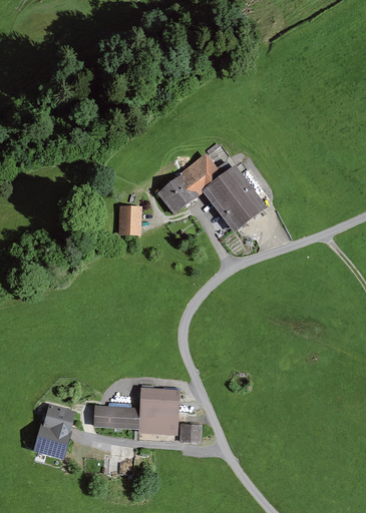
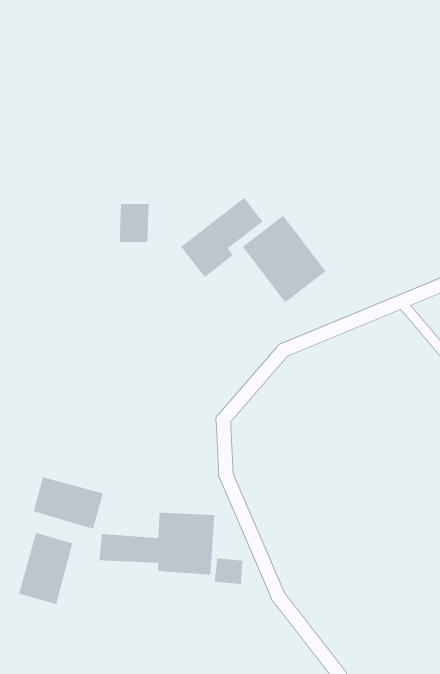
building: [117,207,140,236] -> [119,204,149,242]
building: none -> [33,477,104,529]

